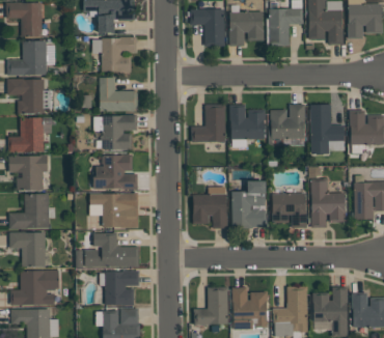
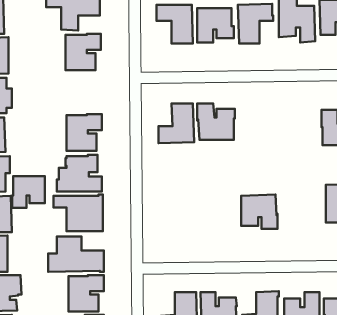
building: [100,78,138,112] -> none
building: [310,105,345,154] -> none
building: [268,106,305,140] -> none
building: none -> [12,176,45,208]
building: [310,178,346,228] -> none
building: [232,181,267,228] -> none
building: [193,194,227,229] -> none

